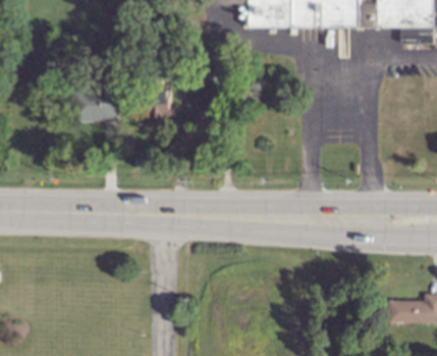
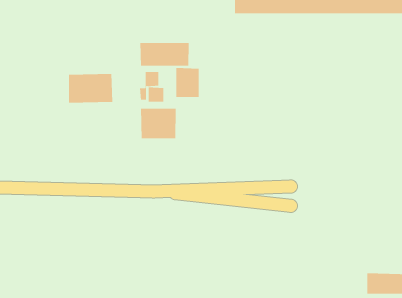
building: none -> [140,42,189,67]
building: none -> [141,108,176,139]

